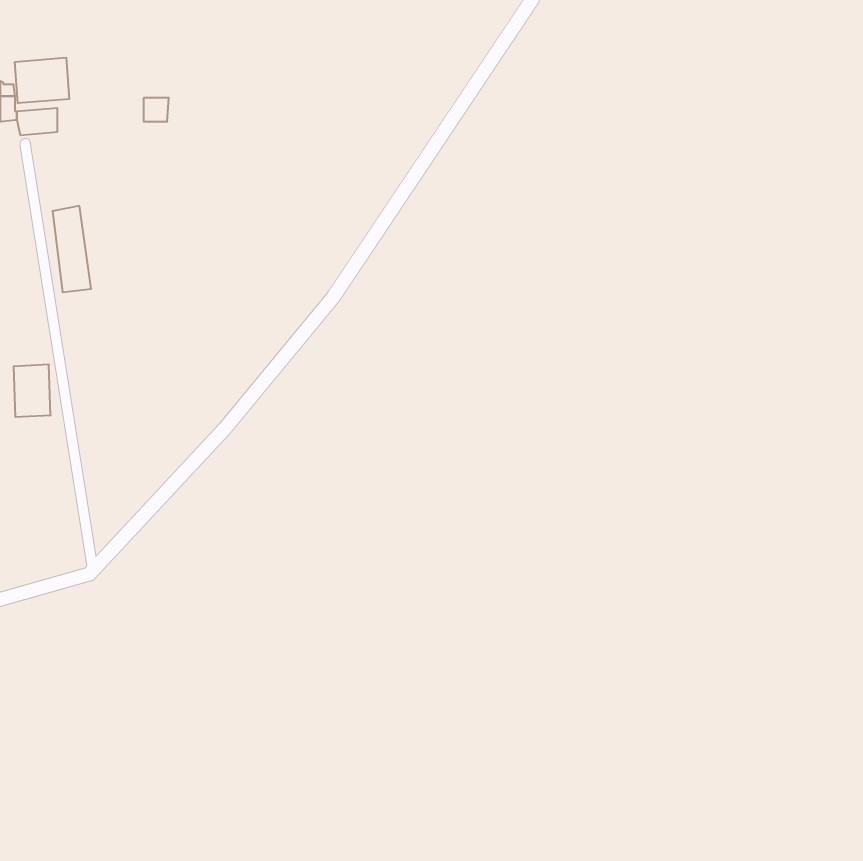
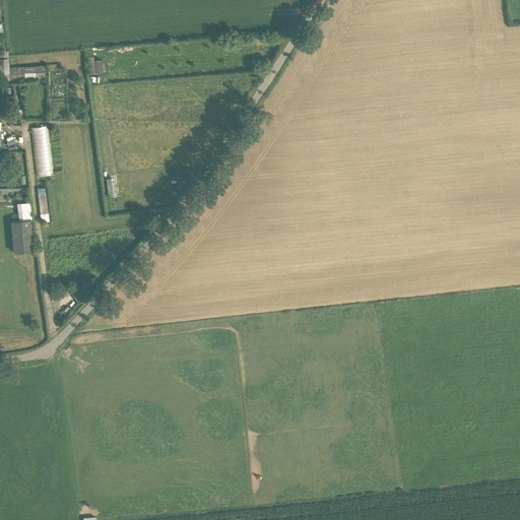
building: [15,58,69,103] -> none

